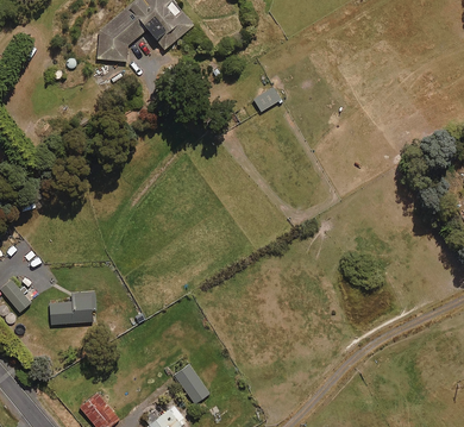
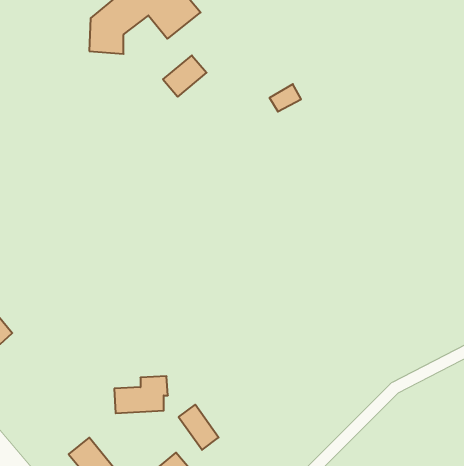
building: none -> [163,55,207,97]
building: [50,291,96,324] -> [114,376,168,413]

